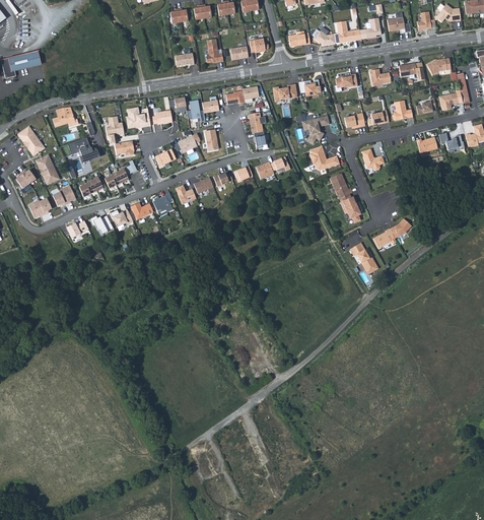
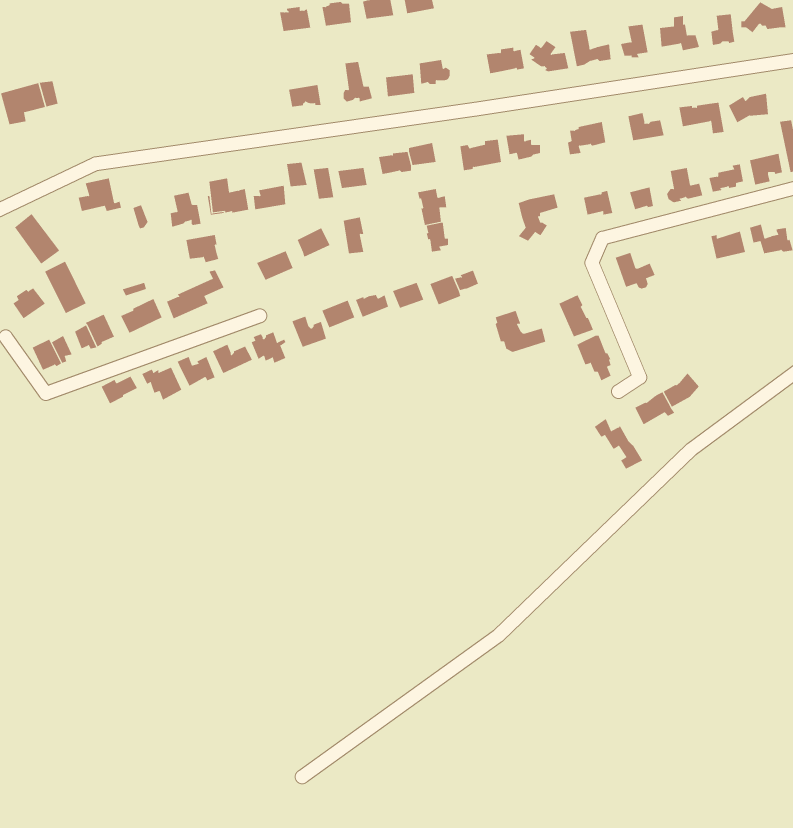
building: [69,137,101,162] -> none
building: [309,145,339,170] -> [495,310,546,352]

